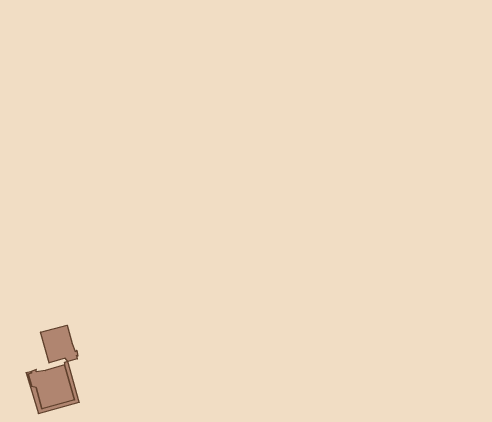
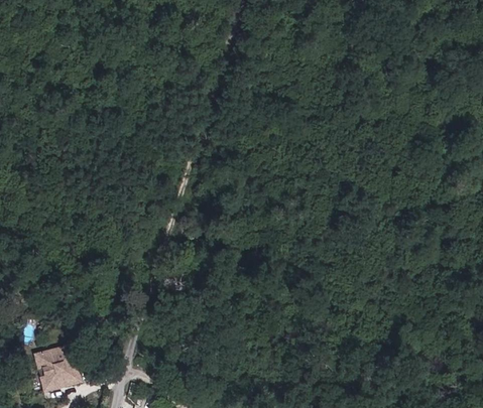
building: [41,325,78,363] -> none

